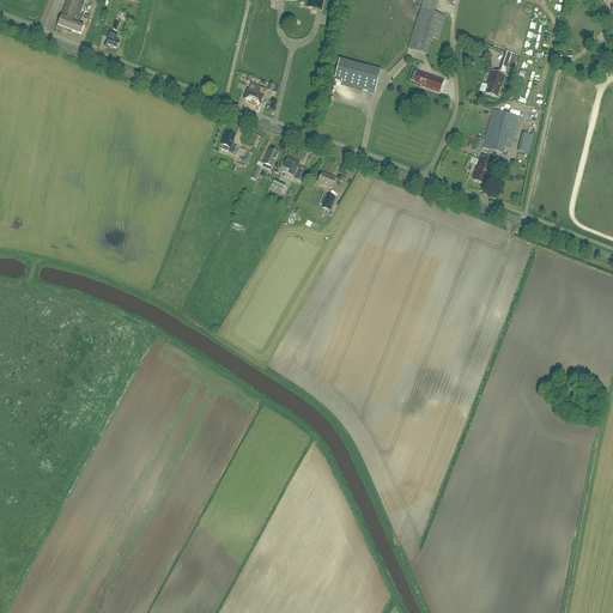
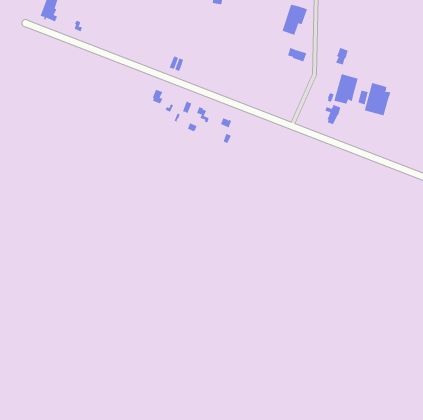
building: [334,56,381,90] -> none
building: none -> [364,82,391,116]

